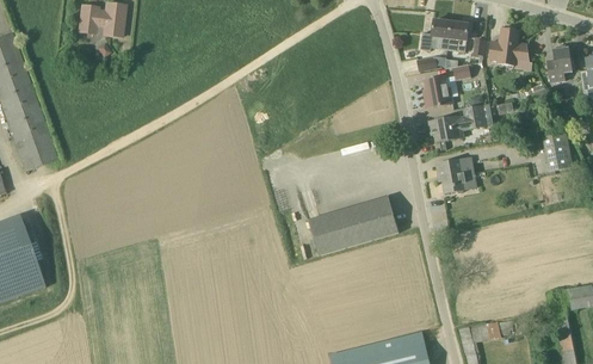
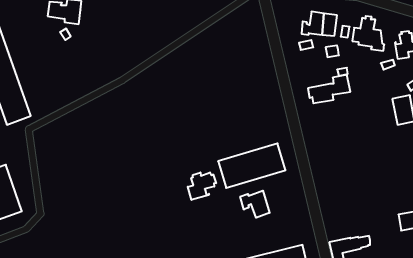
building: [425,76,450,107] -> none
building: [437,158,474,192] -> none
building: none -> [188,172,216,200]
building: none -> [240,191,270,218]

